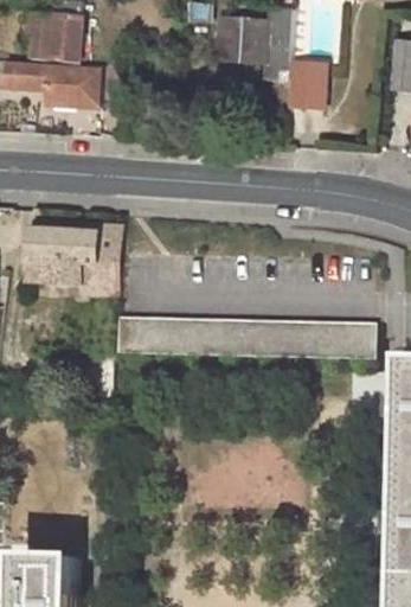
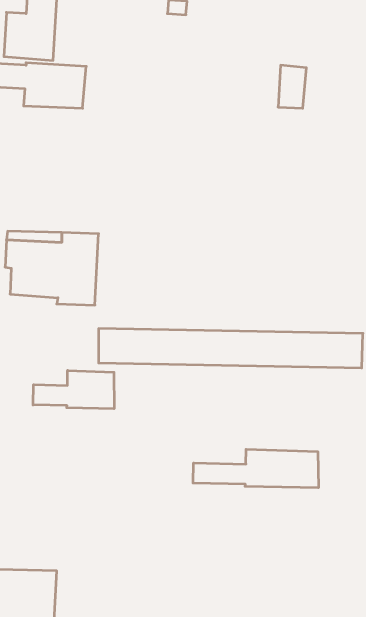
building: [217,8,287,78] -> none
building: none -> [33,370,114,409]
building: none -> [193,449,318,488]

